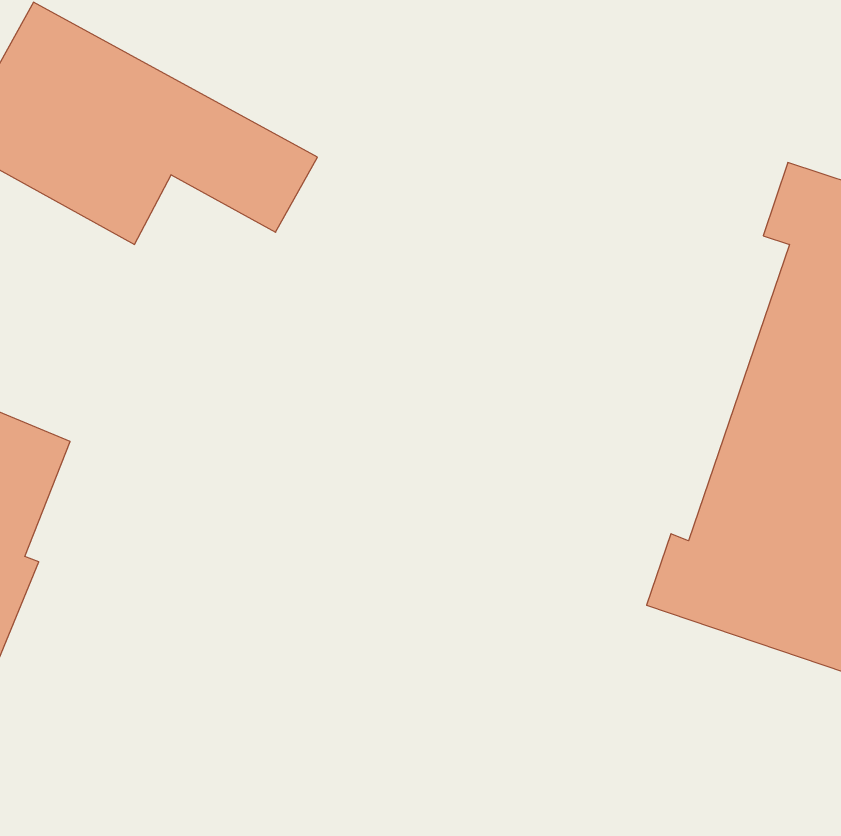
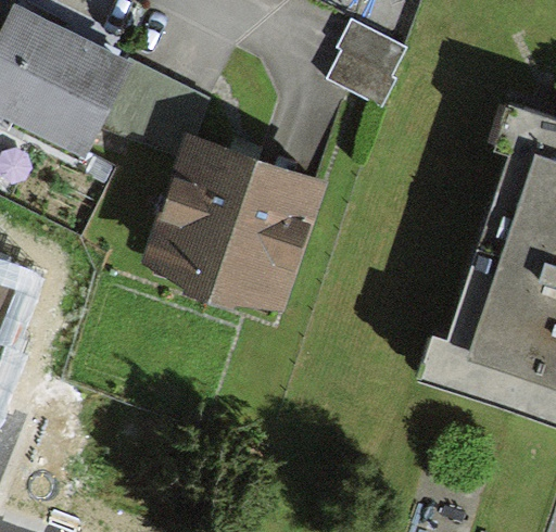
building: none -> [327,20,407,103]
building: none -> [157,142,324,299]

